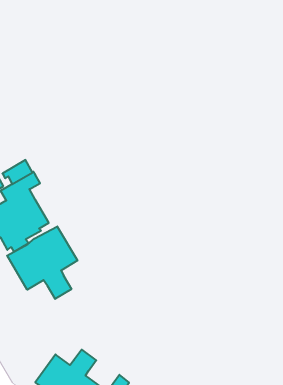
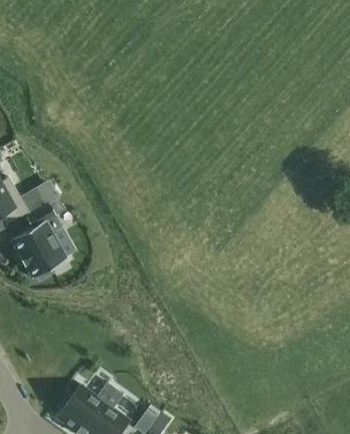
building: [7,226,77,299] -> none

